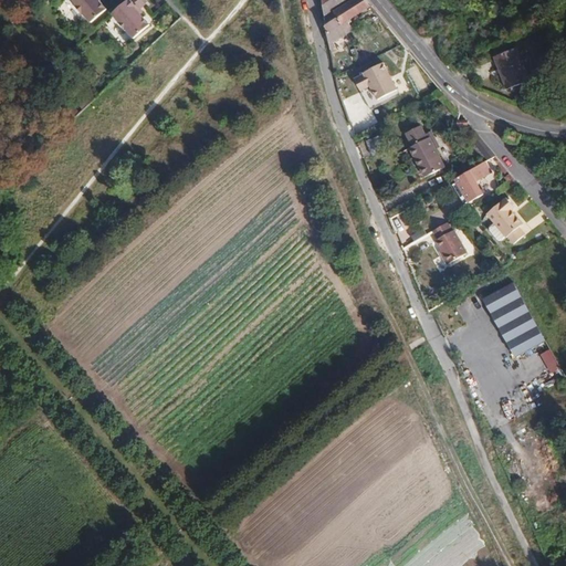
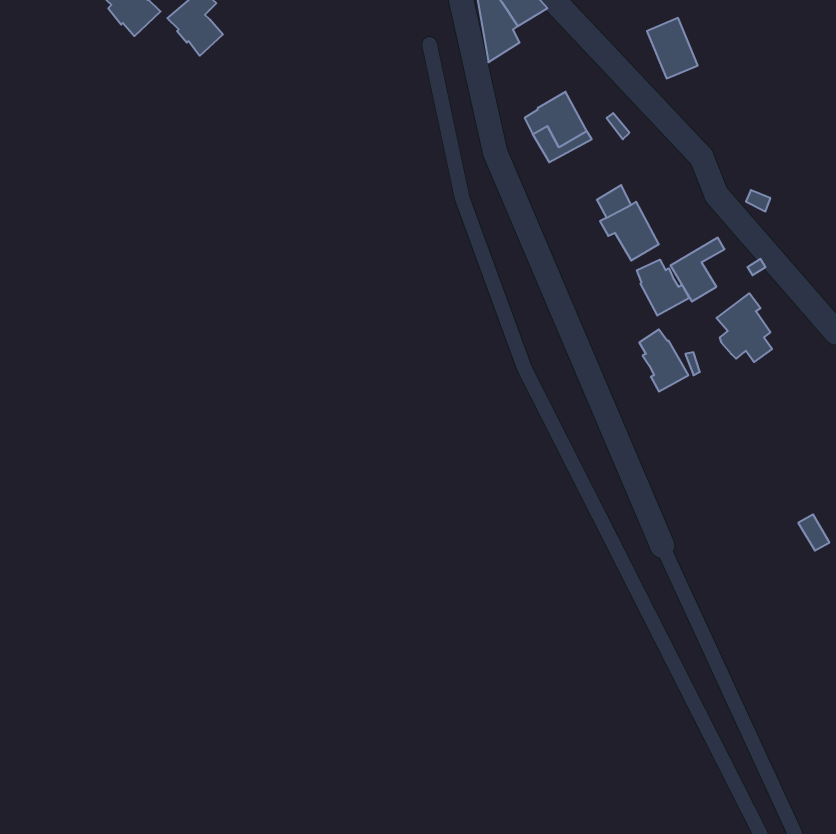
building: [494,44,528,85] -> [647,18,698,79]
building: none -> [637,260,689,316]
building: [481,281,543,356] -> none

